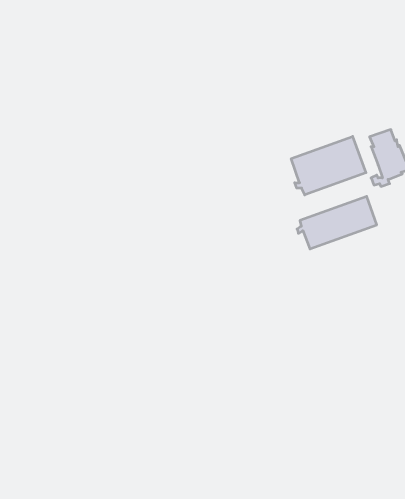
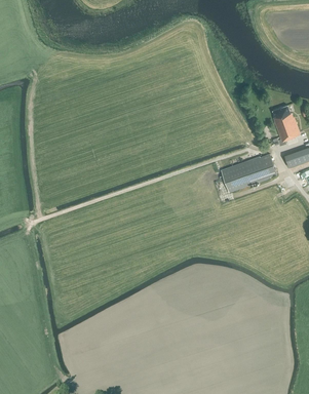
building: [291,136,366,195] -> none

